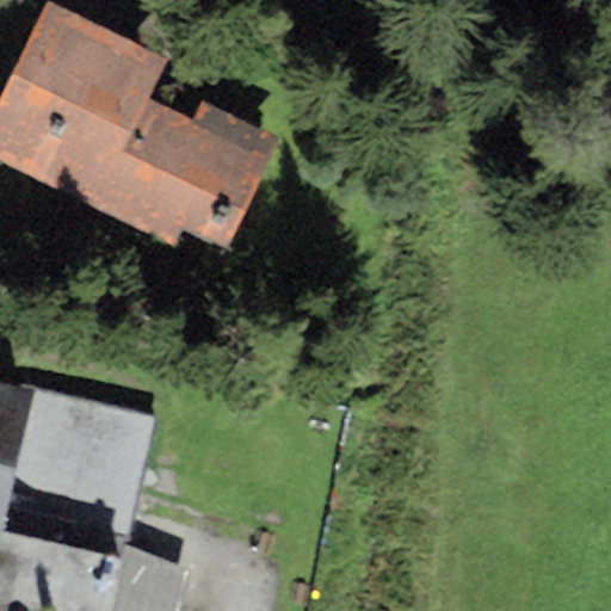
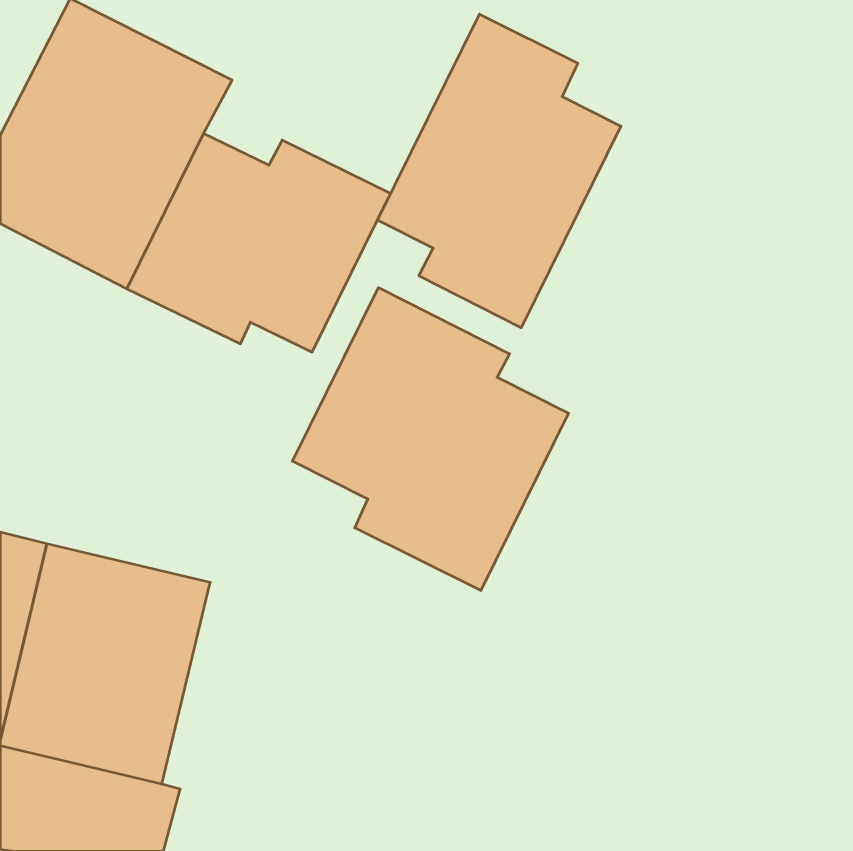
building: none -> [378,14,621,328]
building: none -> [292,288,569,591]

